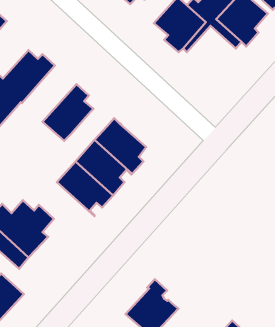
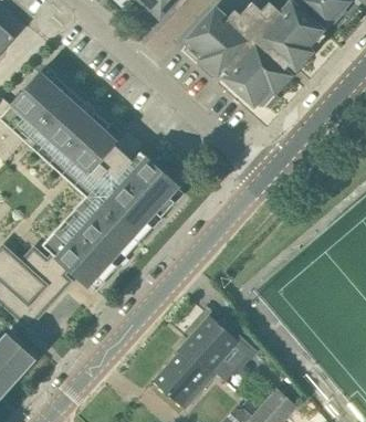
building: none -> [221,42,287,103]
building: none -> [31,88,95,155]
building: none -> [88,143,130,178]
building: none -> [49,225,116,285]
building: none -> [187,316,248,380]

